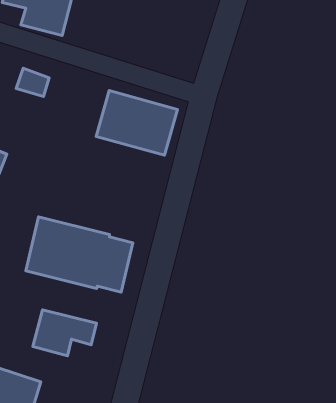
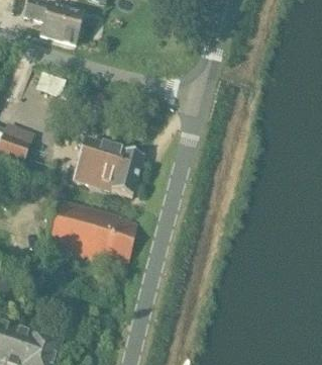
building: [96,90,177,155] -> [74,139,143,194]
building: [33,310,96,356] -> none

